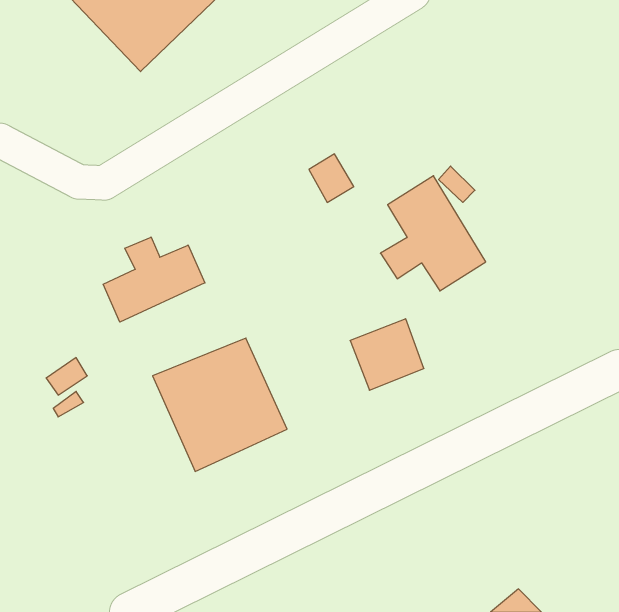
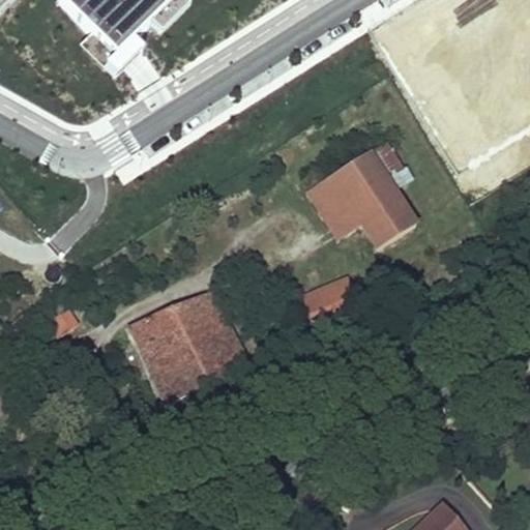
building: [309,154,354,202] -> [310,175,348,216]
building: [103,237,205,322] -> none

